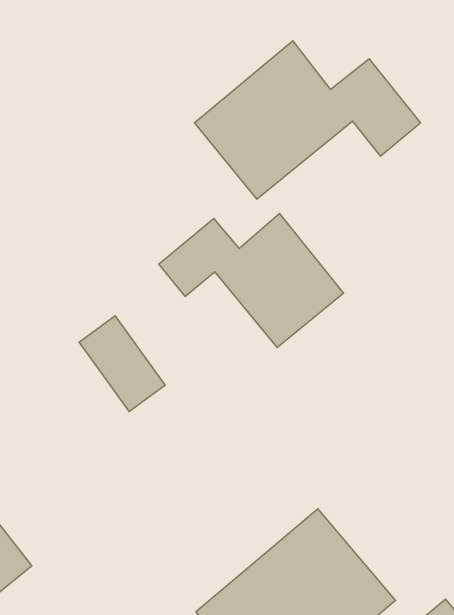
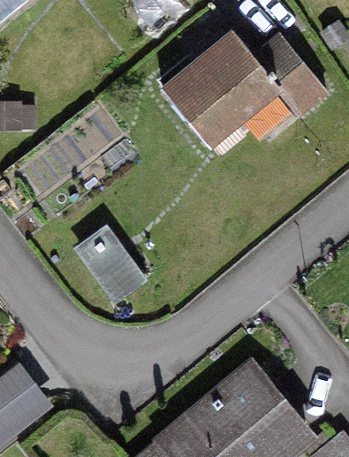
building: [159,214,344,347] -> none

